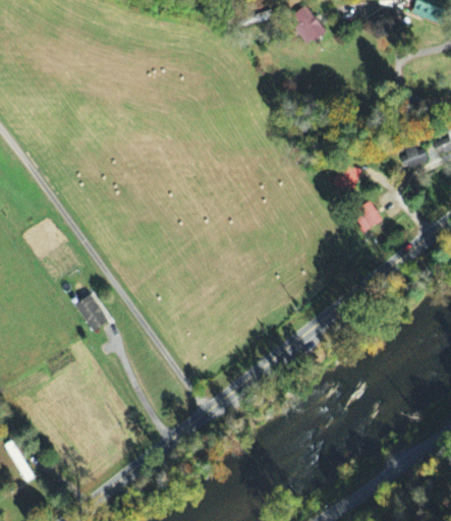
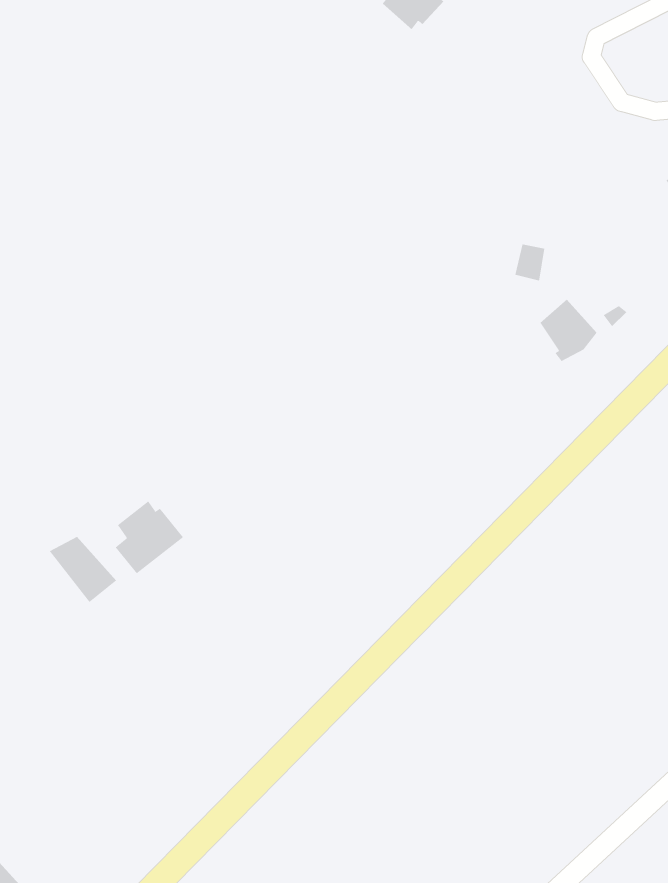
building: [400,142,428,167] -> none
building: none -> [115,500,184,574]

